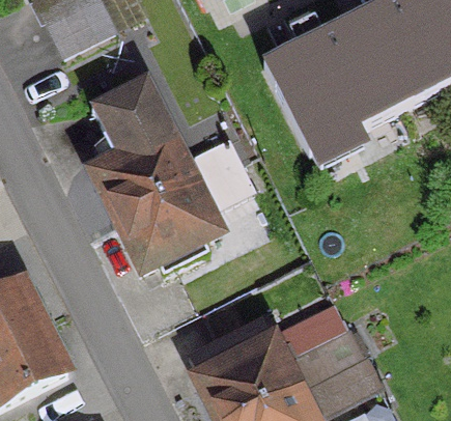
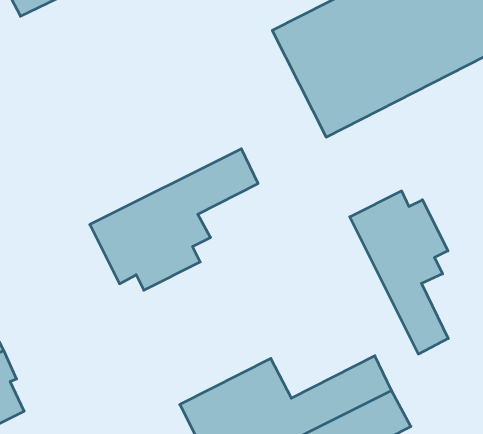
building: [88,74,238,217] -> none
building: none -> [350,191,448,354]

